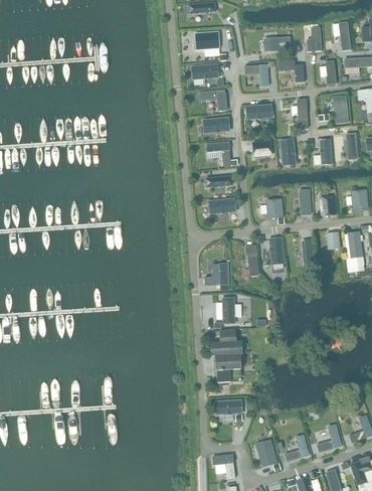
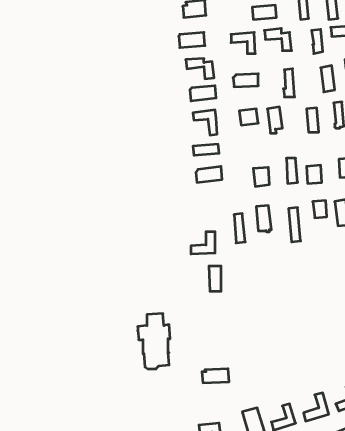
building: [210,329,242,384] -> [138,314,170,369]

